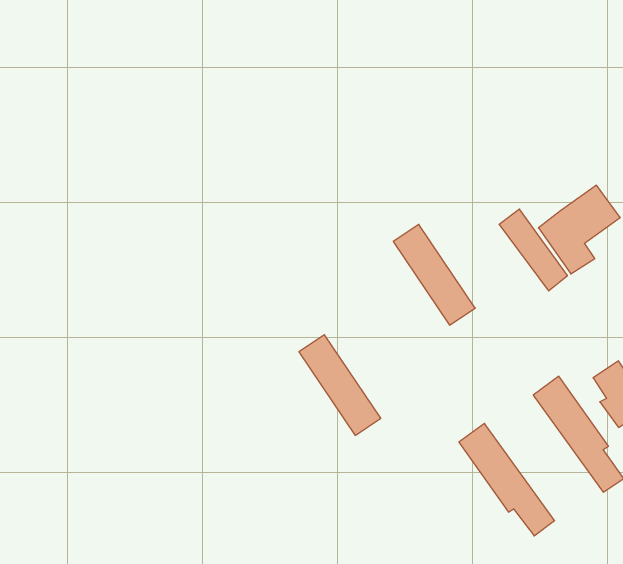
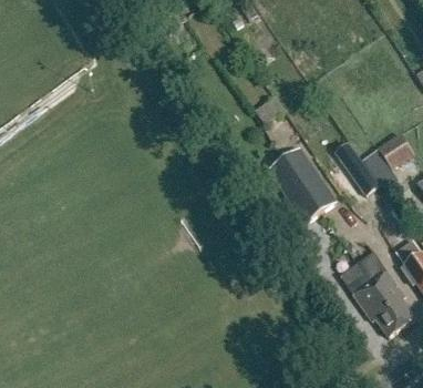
building: [299,335,381,435] -> [282,144,336,210]
building: [459,423,555,536] -> [340,266,402,339]

